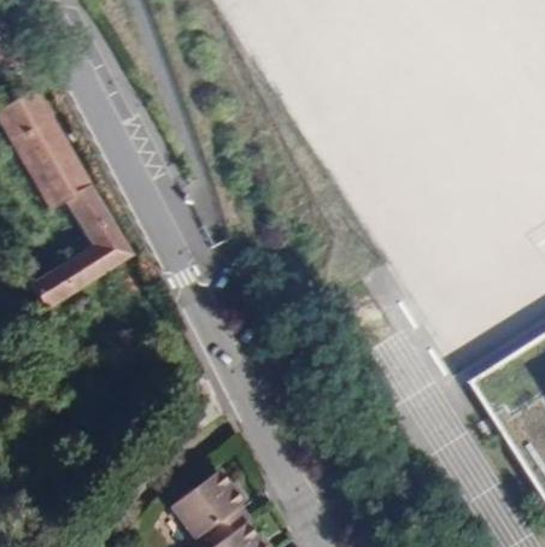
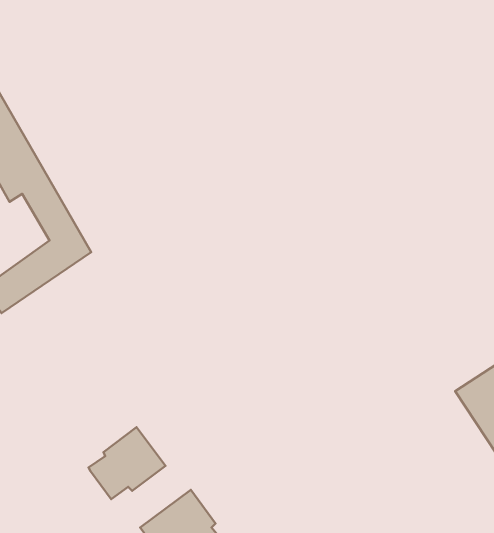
building: none -> [89,427,165,499]

